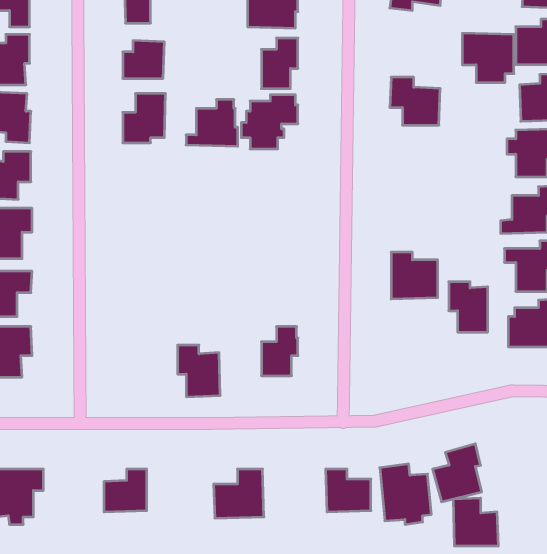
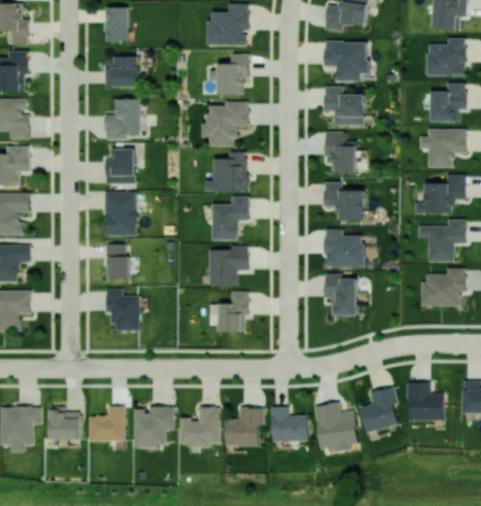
building: [462,33,514,82] -> [325,40,367,80]
building: [186,100,238,146] -> [205,151,248,190]
building: none -> [325,131,356,172]
building: none -> [105,148,135,183]
building: none -> [324,182,364,221]
building: none -> [104,192,136,235]
building: none -> [212,195,249,238]
building: none -> [105,243,129,279]
building: none -> [209,245,248,283]
building: [449,282,488,332] -> [325,274,357,315]
building: [178,345,220,397] -> [105,289,140,331]
building: none -> [51,406,81,440]
building: none -> [134,406,174,446]
building: none -> [225,407,265,446]
building: [453,498,498,546] -> [408,381,445,420]

